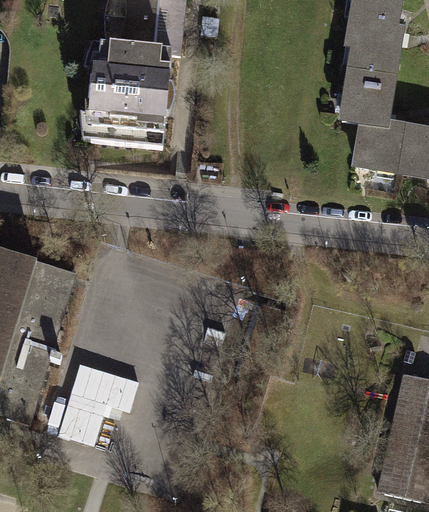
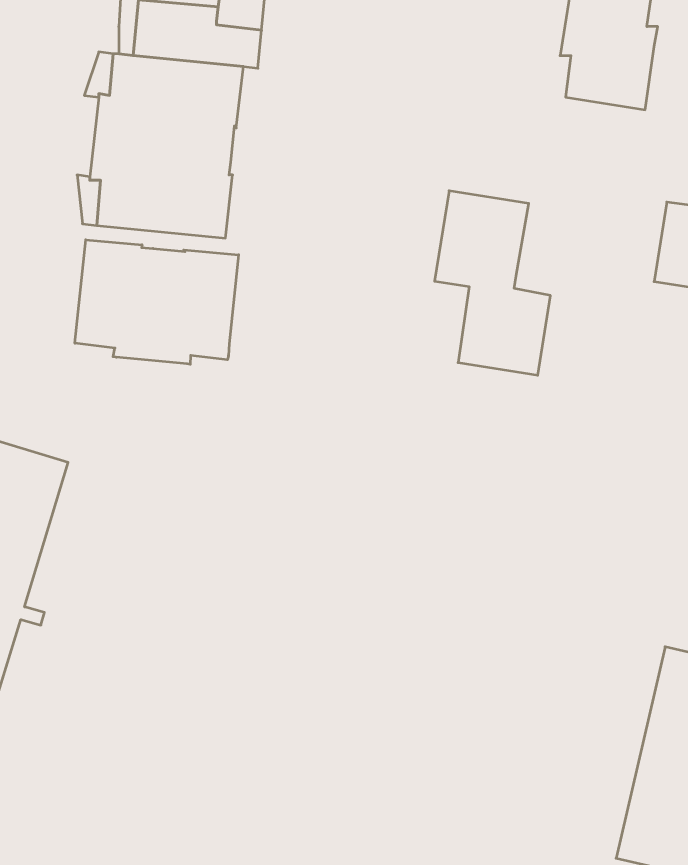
building: [342,68,406,170] -> [435,191,550,375]
building: none -> [75,240,239,364]
building: [59,363,137,441] -> none

